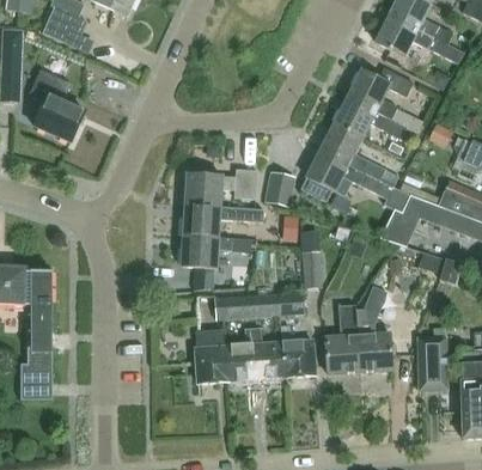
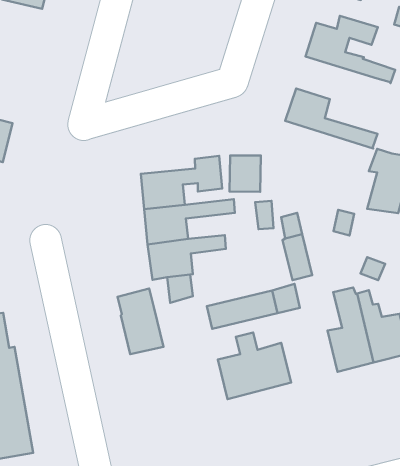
building: [335,97,416,140] -> none
building: [301,149,396,206] -> none
building: [281,325,315,377] -> none
building: [196,329,228,383] -> [117,289,164,354]

